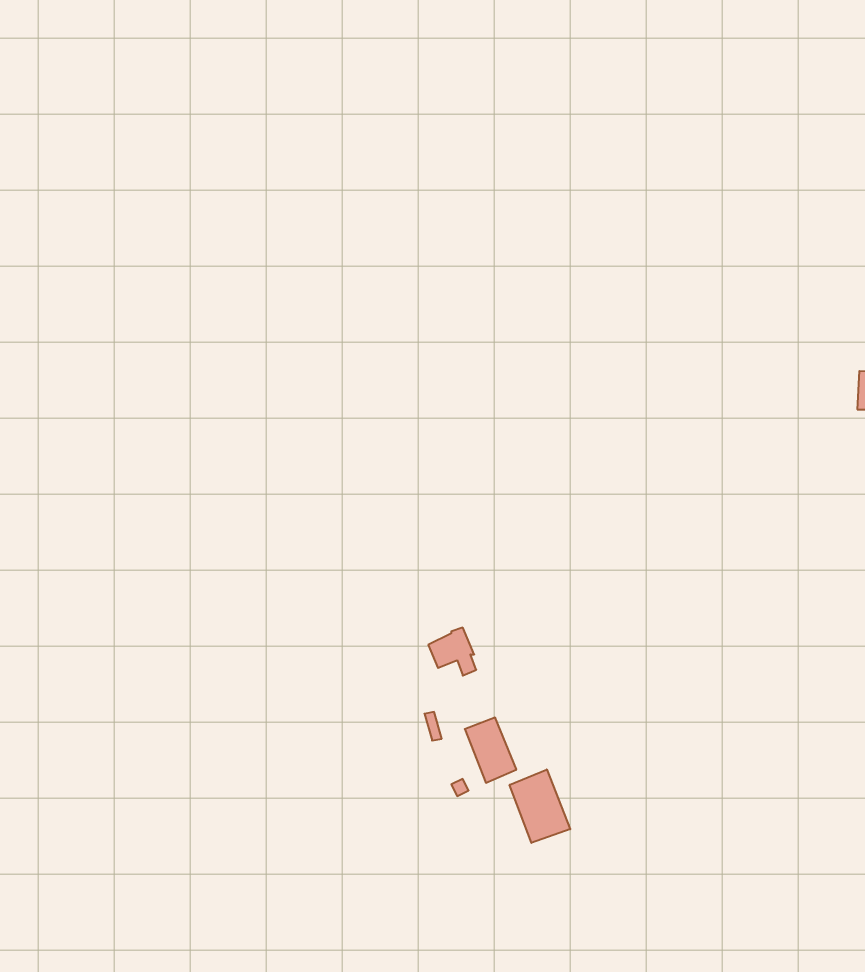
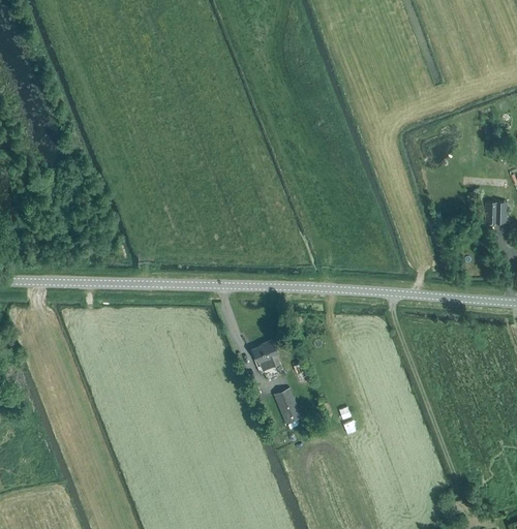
building: [510,769,570,843] -> none

